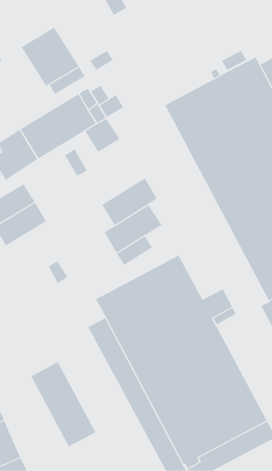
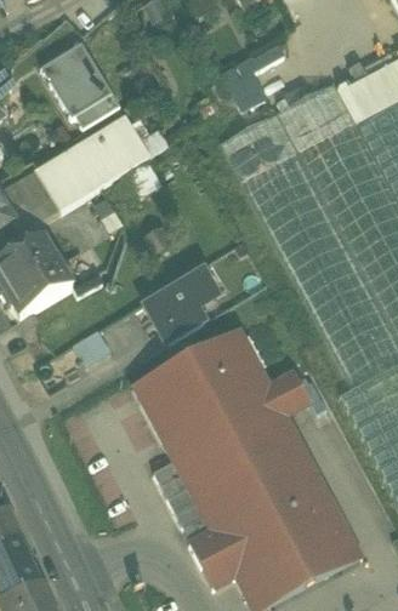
building: none -> [221,38,286,108]
building: [102,178,158,226] -> none
building: [31,361,96,447] -> none

